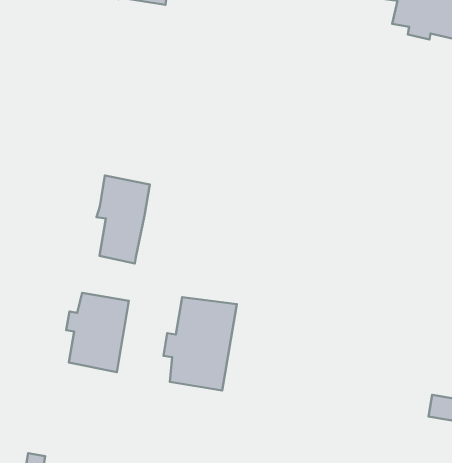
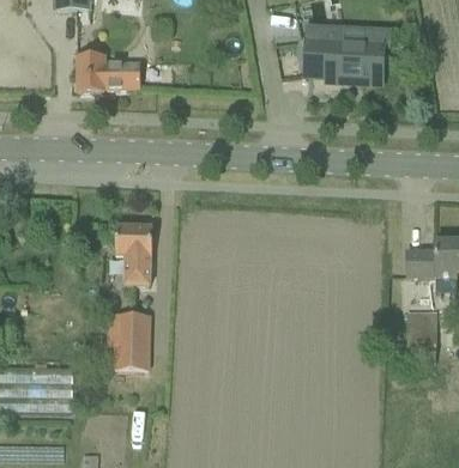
building: [163,297,237,391] -> none

